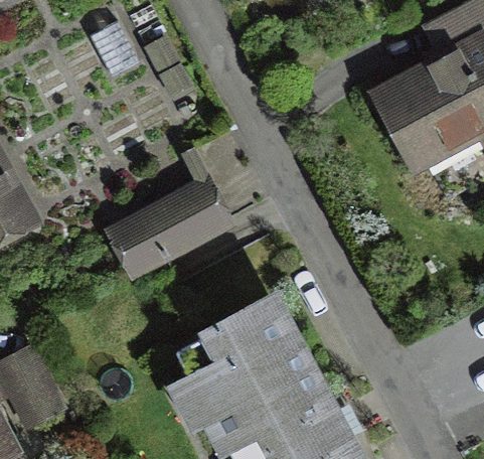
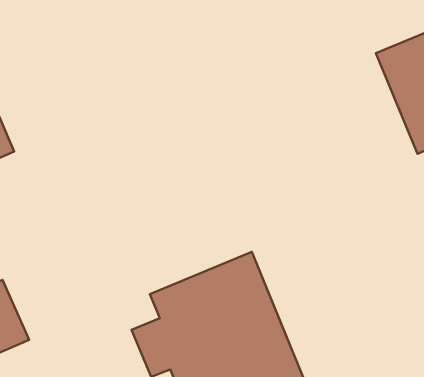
building: [137,181,227,255] -> none

